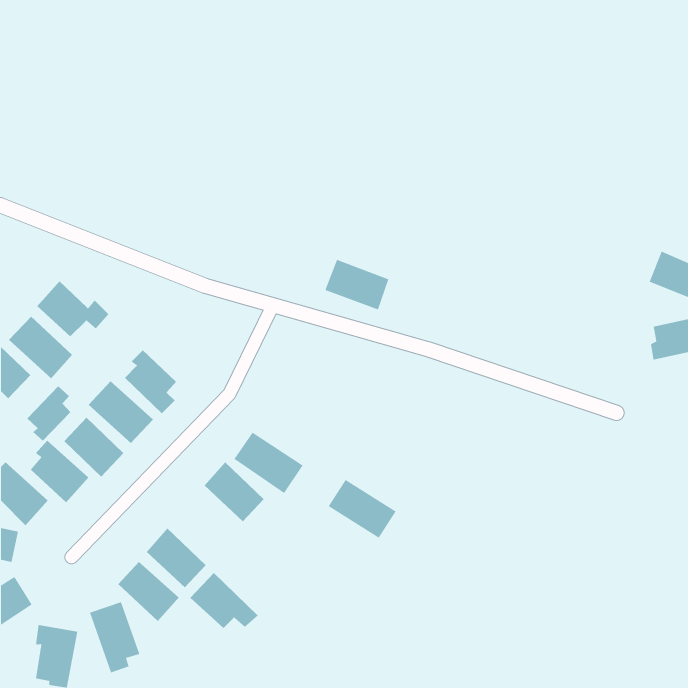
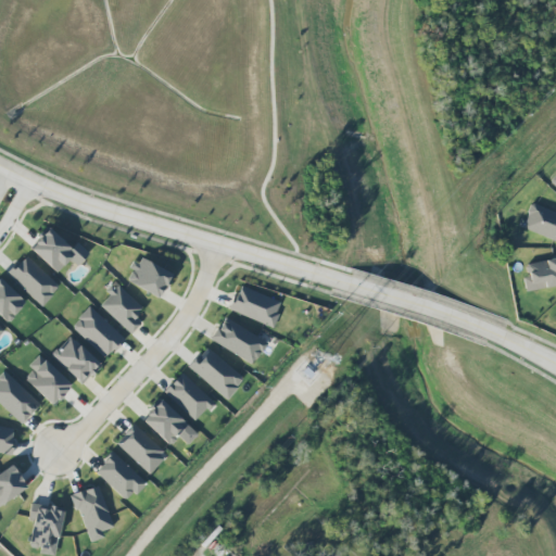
building: [324,259,389,310] -> [230,285,282,326]
building: none -> [126,255,173,298]
building: [26,385,71,442] -> none
building: [328,479,397,538] -> [212,316,267,364]
building: [190,572,258,629] -> [142,399,198,444]

